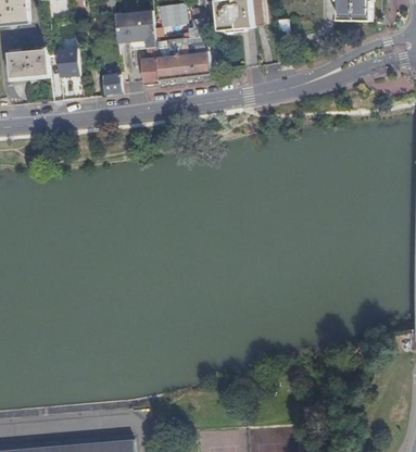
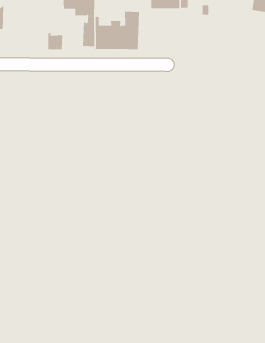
building: [55,48,79,75] -> none

